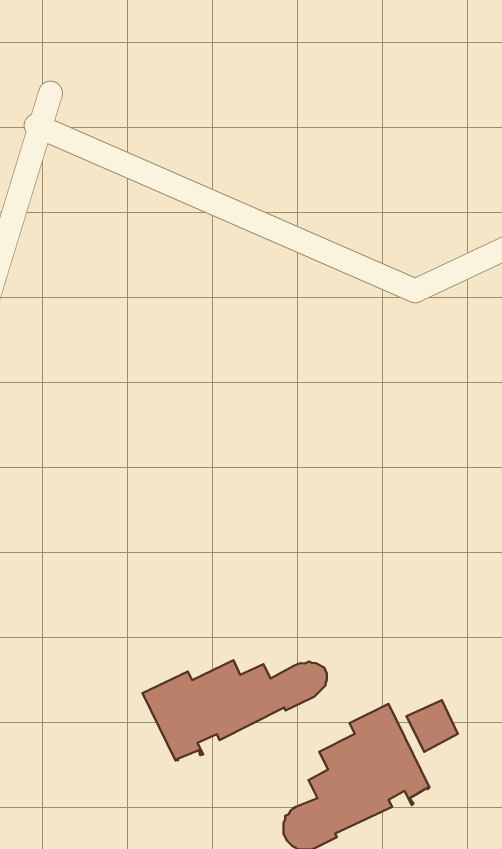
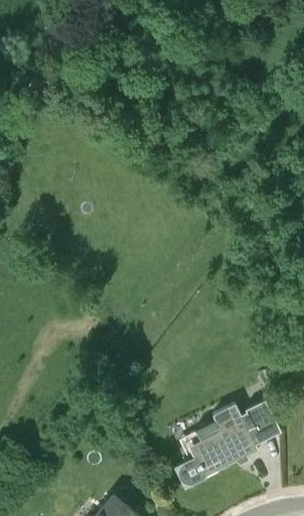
building: [143,660,327,761] -> none

